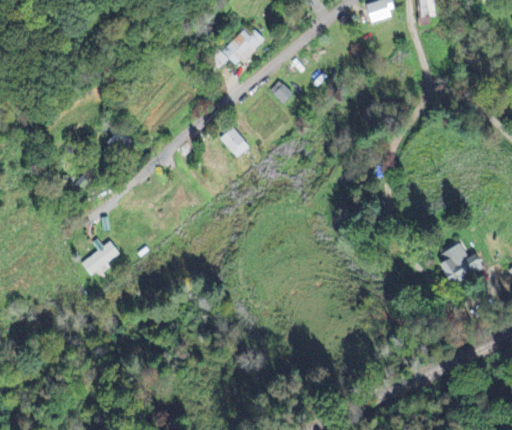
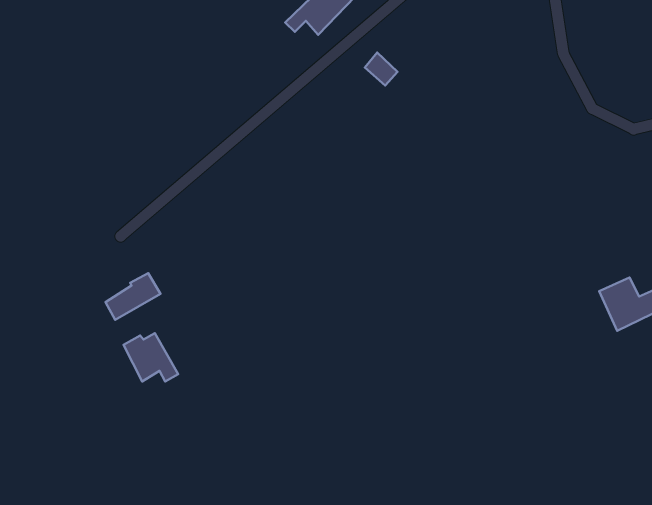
building: [218,128,247,157] -> none
building: none -> [123,333,178,381]

